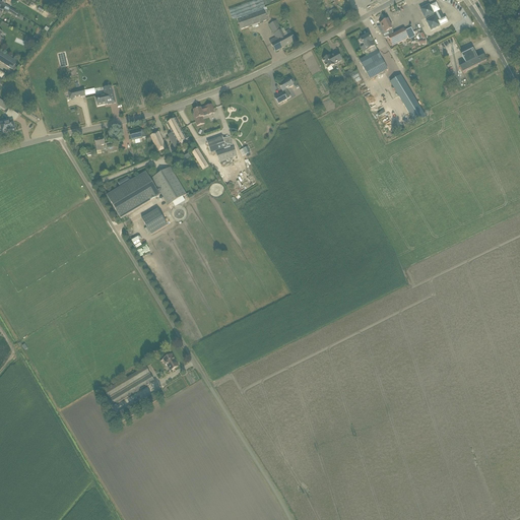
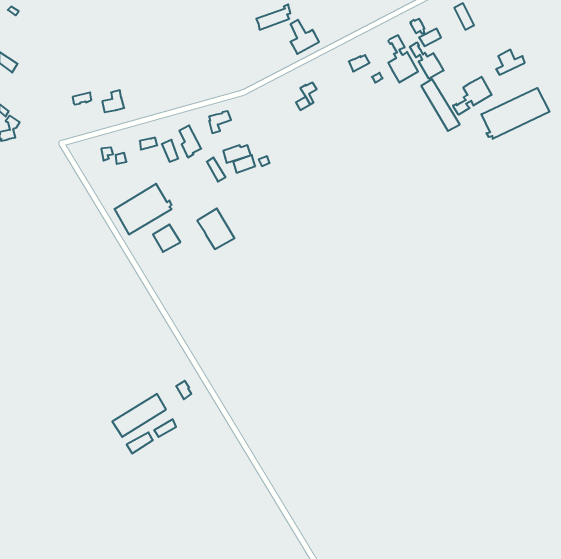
building: none -> [410,42,444,79]
building: none -> [453,77,492,115]
building: none -> [481,88,550,139]
building: [150,165,185,202] -> [197,208,235,249]

